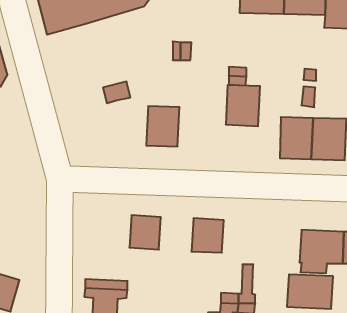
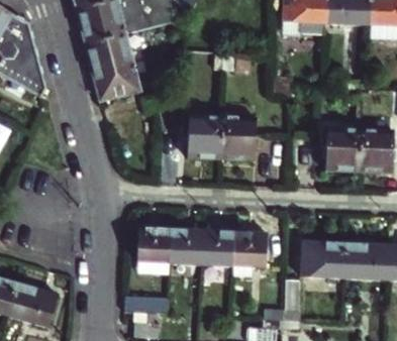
building: none -> [85,32,139,97]
building: [226,85,260,126] -> [219,118,255,160]
building: none -> [135,228,172,262]
building: none -> [200,231,235,266]
building: [287,274,333,309] -> [299,242,346,277]

